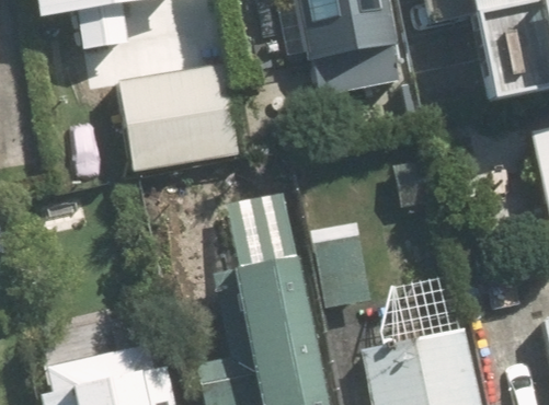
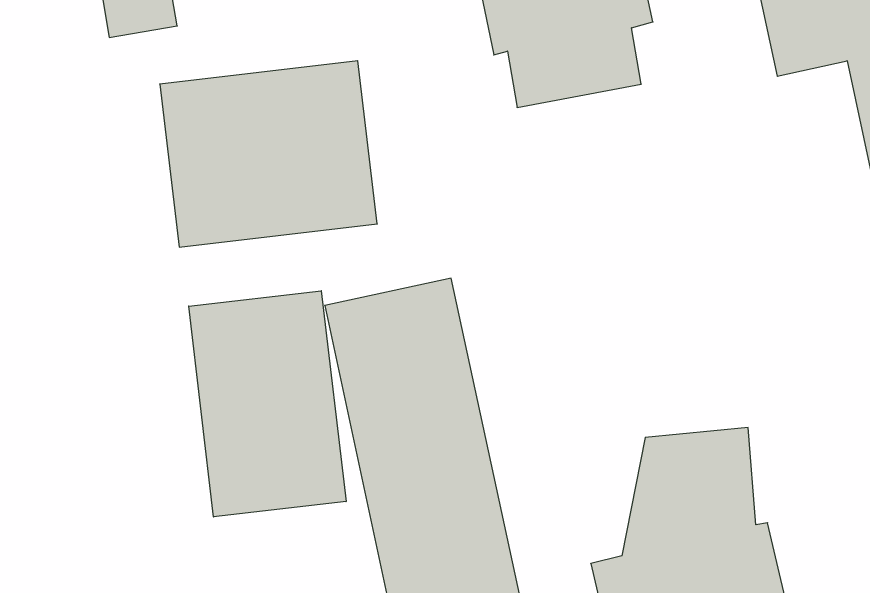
building: none -> [189,291,346,517]

